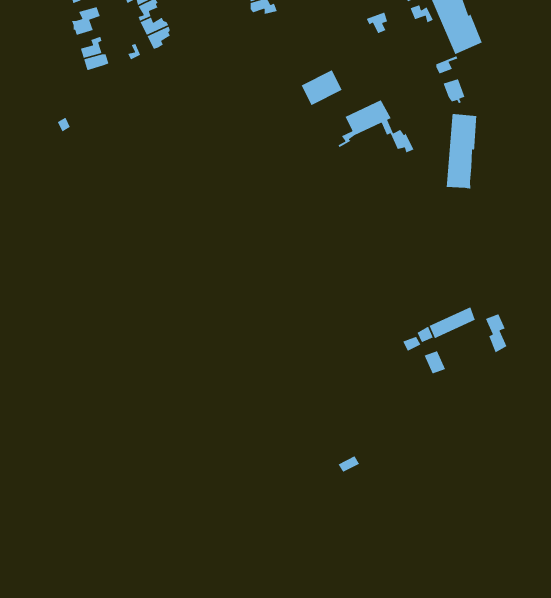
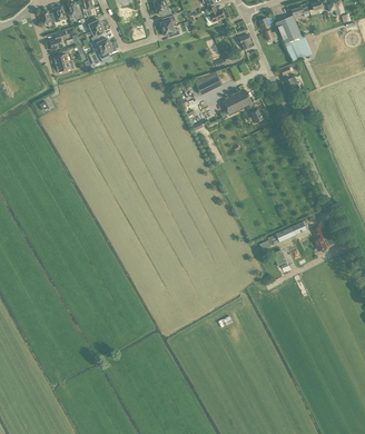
building: [446,113,477,190] -> none

